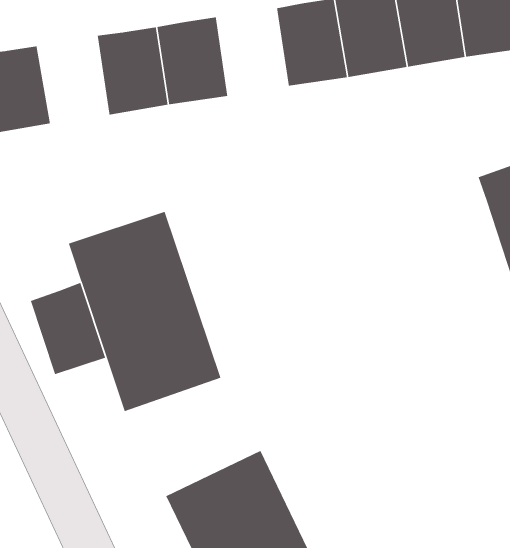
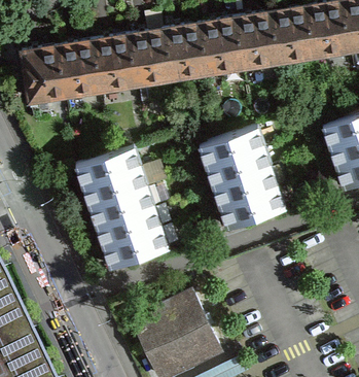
building: none -> [167,26,210,79]
building: none -> [59,42,102,96]
building: none -> [201,128,287,230]
building: [30,282,106,375] -> none

